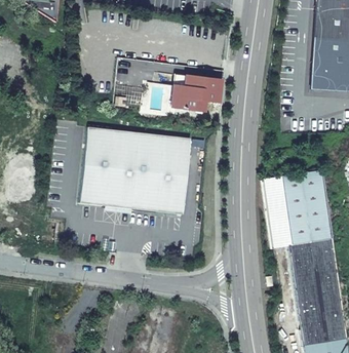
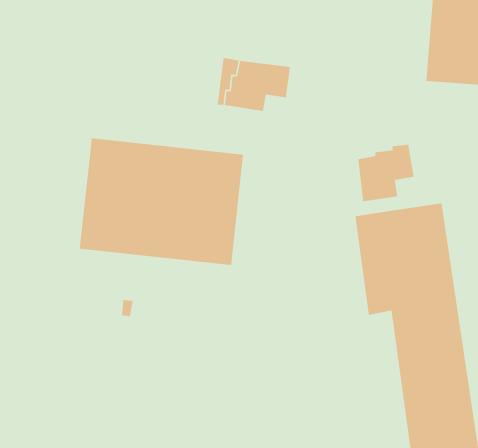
building: none -> [358,144,414,202]

